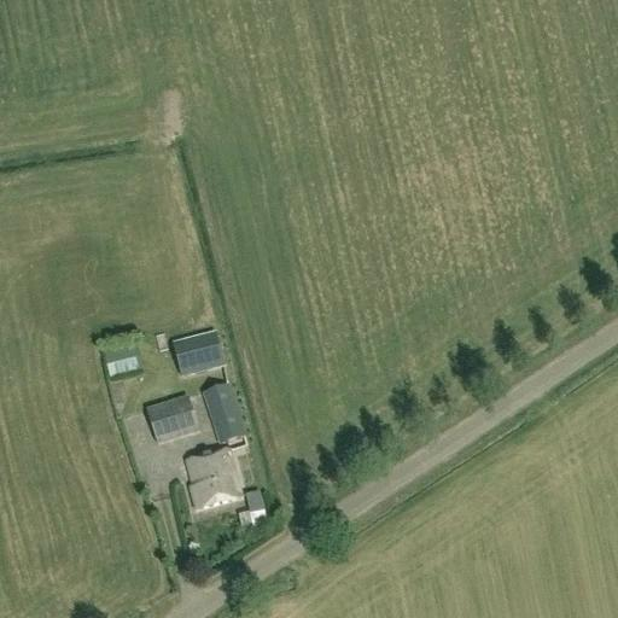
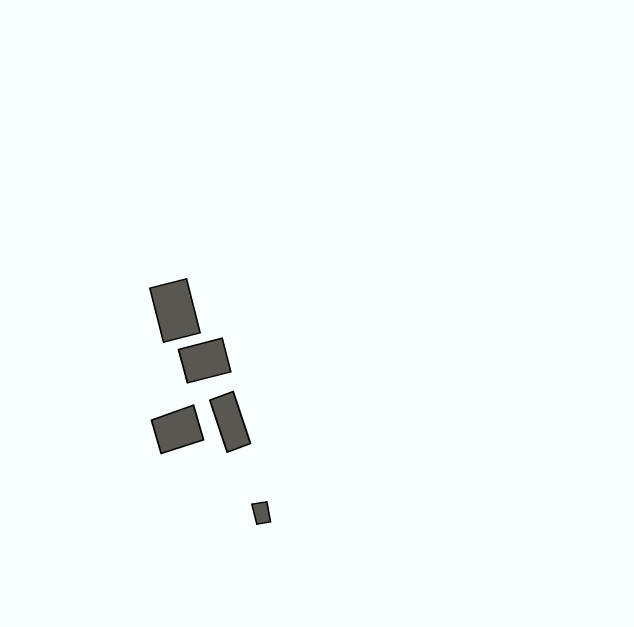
building: none -> [150,279,200,342]
building: [187,447,241,507] -> none

